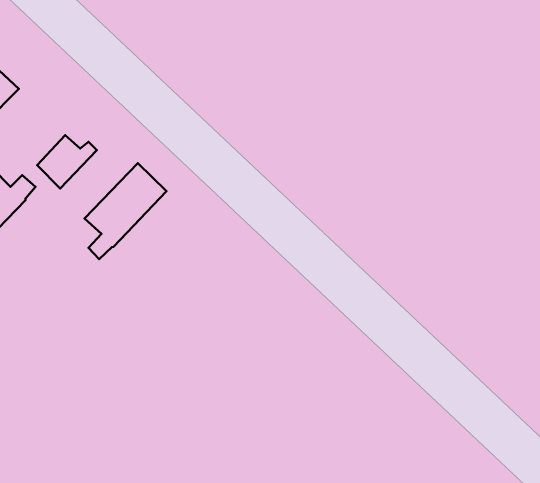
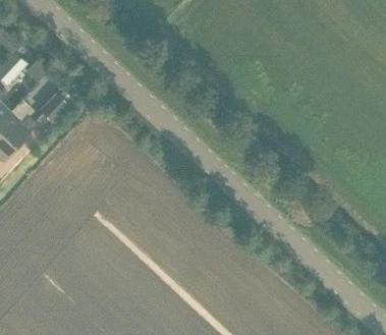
building: [85,163,167,259] -> none

